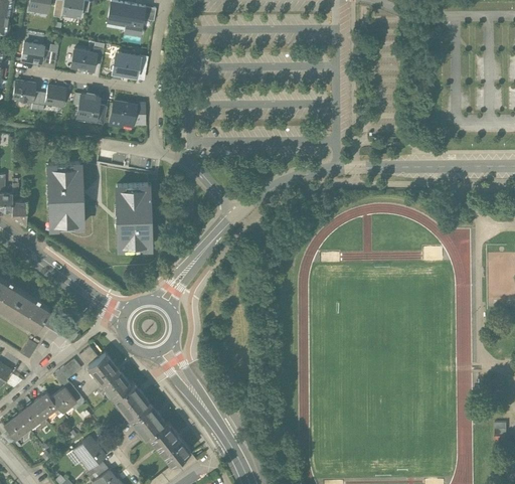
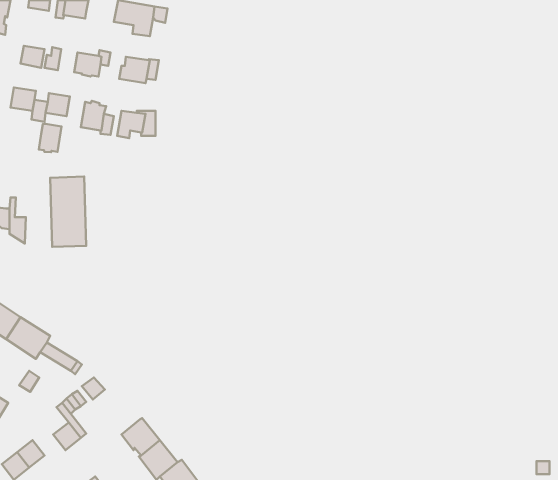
building: none -> [39,124,61,152]
building: [116,183,150,248] -> none
building: [90,355,131,398] -> none
building: [32,392,63,418] -> none

